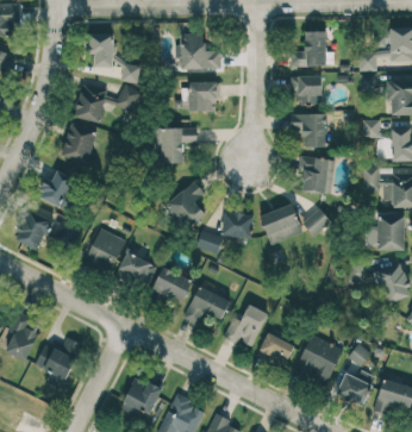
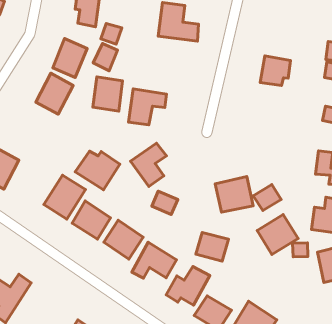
building: [291,31,326,67] -> none
building: [188,82,220,111] -> none
building: [289,113,327,146] -> none
building: none -> [93,77,123,111]
building: [298,155,335,194] -> none
building: [40,169,73,207] -> none
building: none -> [75,151,120,190]
building: [221,211,254,238] -> [196,232,229,261]
building: none -> [257,214,298,254]

